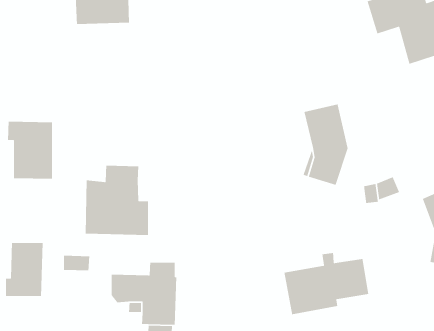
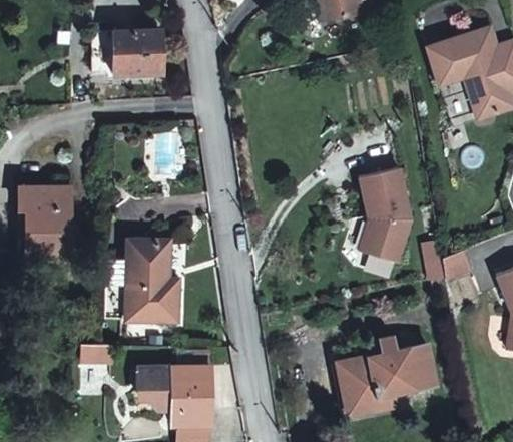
building: [5,242,44,297] -> none

